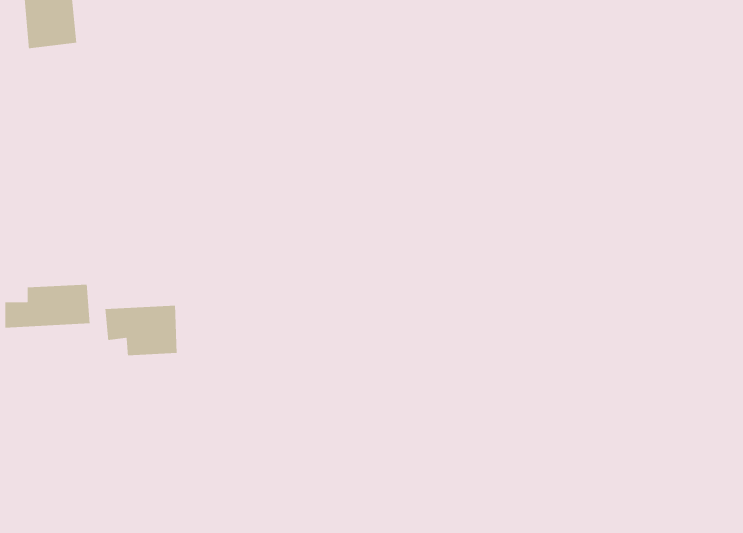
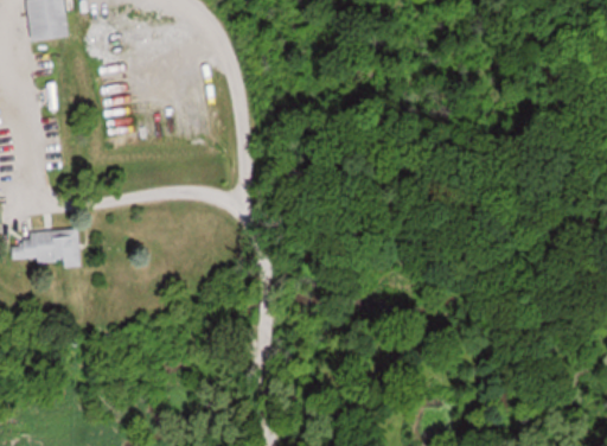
building: [105,305,178,356] -> none

